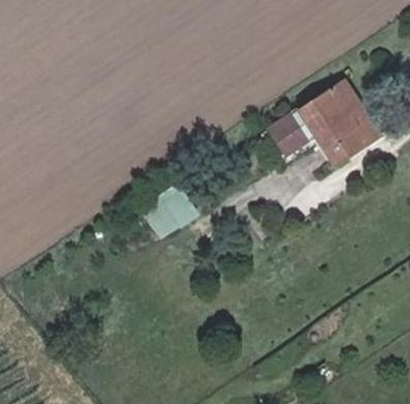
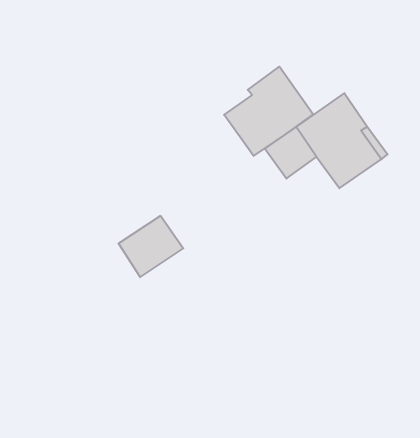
building: none -> [224,67,313,156]

